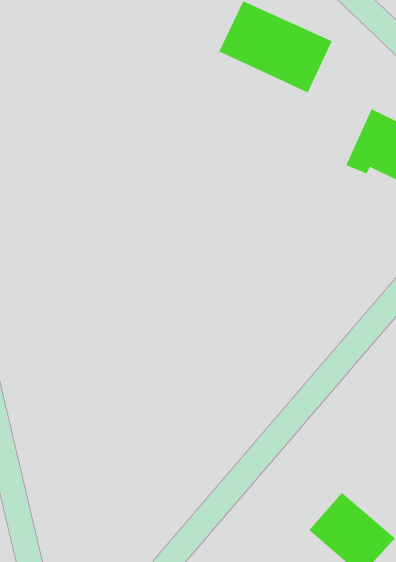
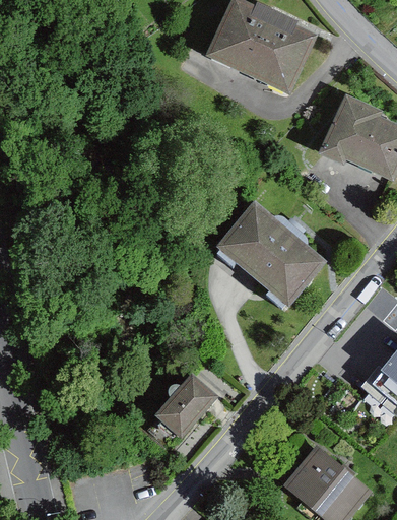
building: none -> [220,204,323,301]
building: none -> [160,380,214,435]

